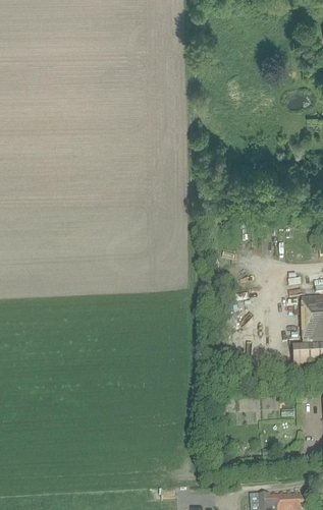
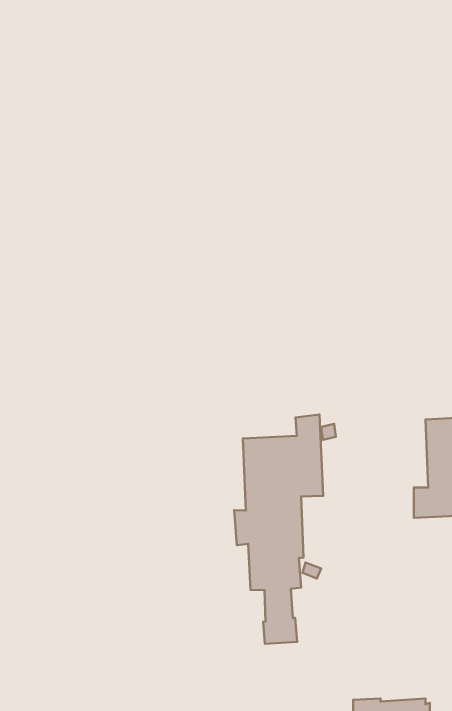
building: none -> [234,415,323,644]

